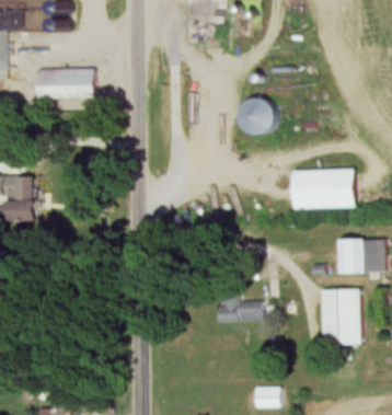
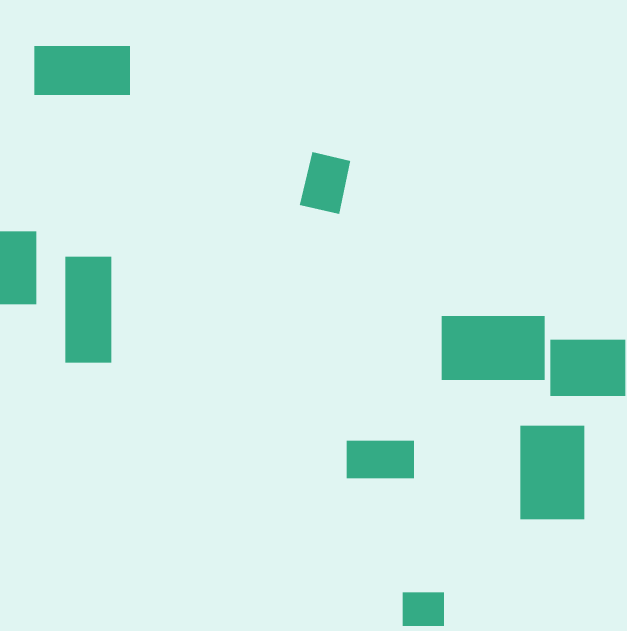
building: [241,97,272,135] -> [299,151,351,215]
building: [293,170,355,208] -> [441,315,546,381]
building: none -> [65,256,112,364]

